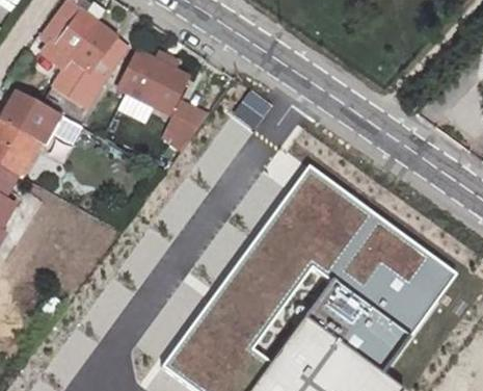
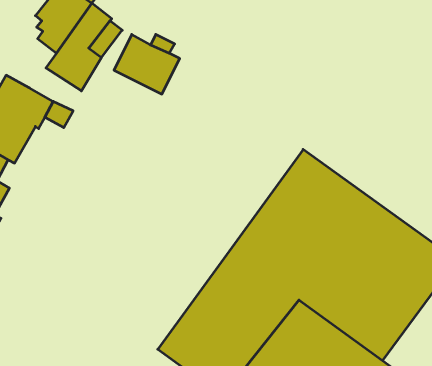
building: [161,101,208,151] -> none

